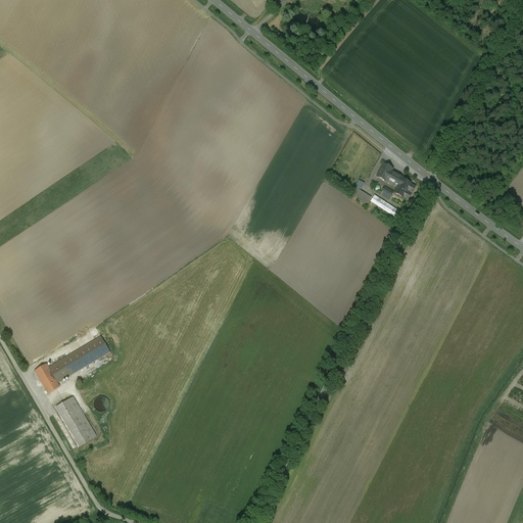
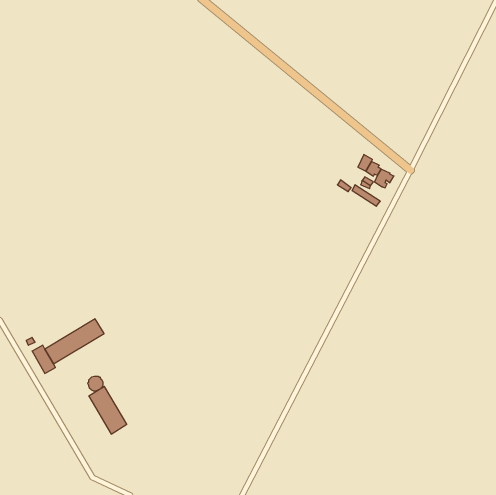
building: [55,395,95,445] -> [89,386,127,434]

